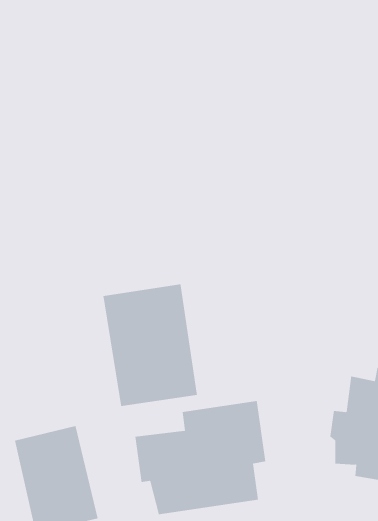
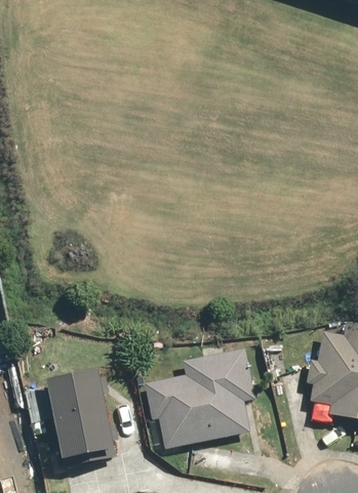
building: [103,284,197,407] -> none

